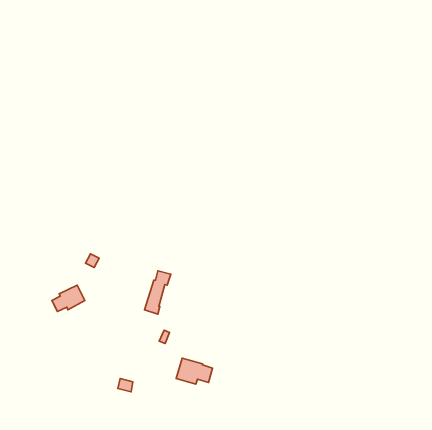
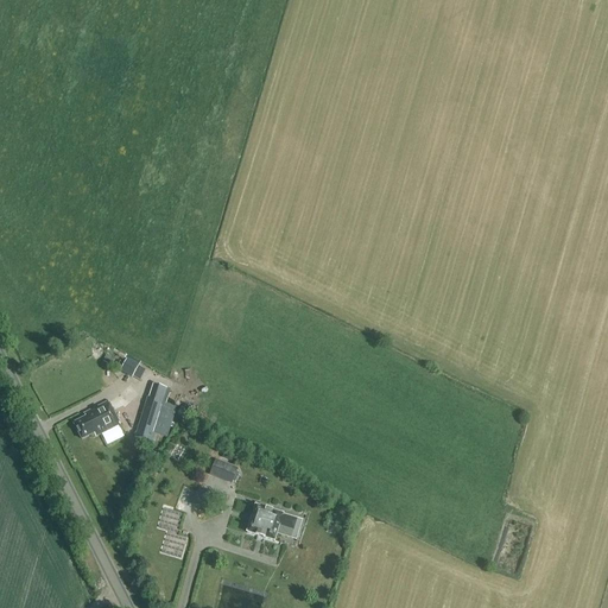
building: [144,271,171,314] -> [134,381,171,442]

